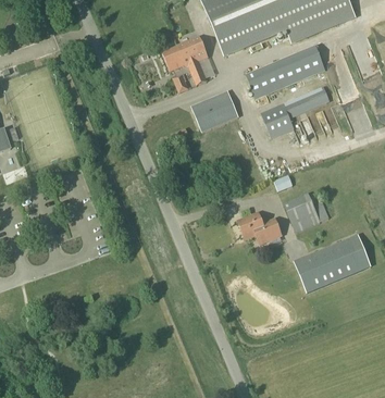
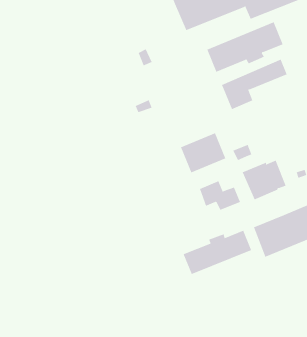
building: [162,36,208,86] -> none
building: [190,90,238,133] -> [180,133,226,173]
building: none -> [183,230,252,275]

